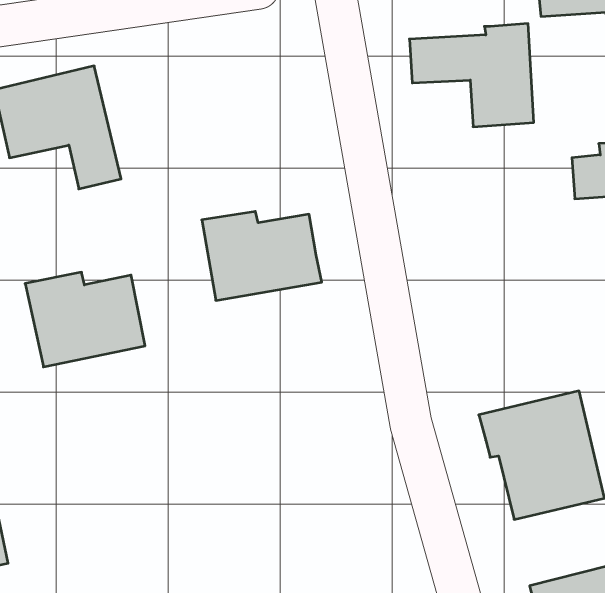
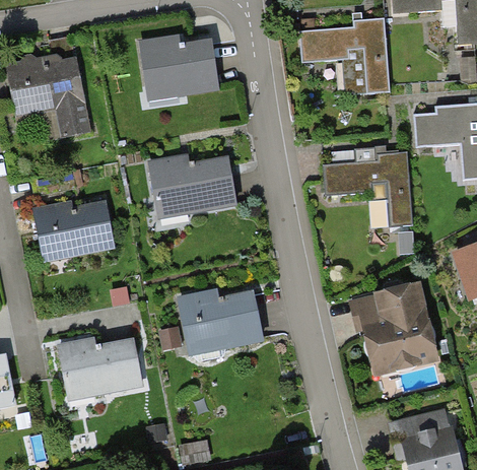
building: none -> [133,33,211,97]
building: none -> [326,152,410,226]
building: none -> [180,290,265,353]
building: none -> [51,337,141,401]

